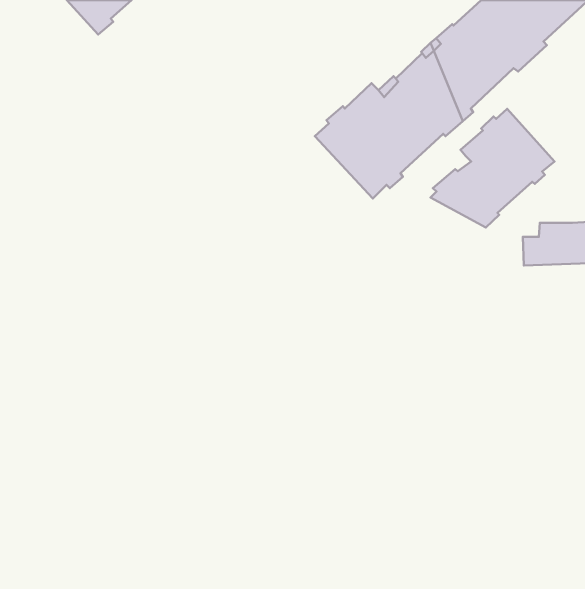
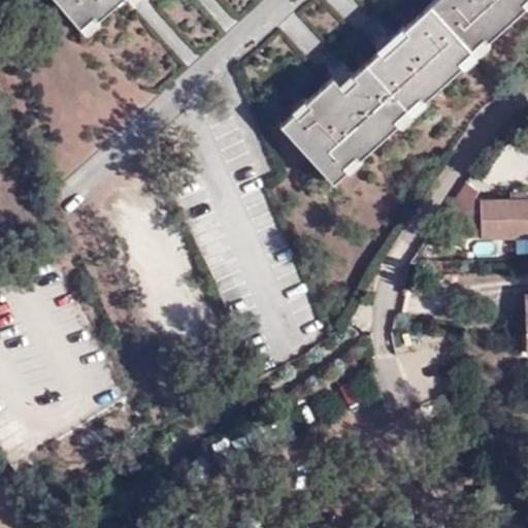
building: [430,109,554,228] -> none

